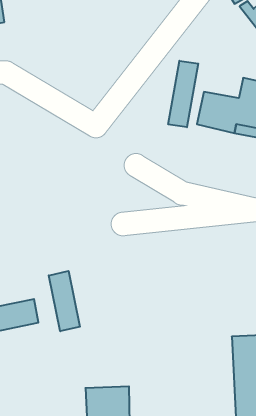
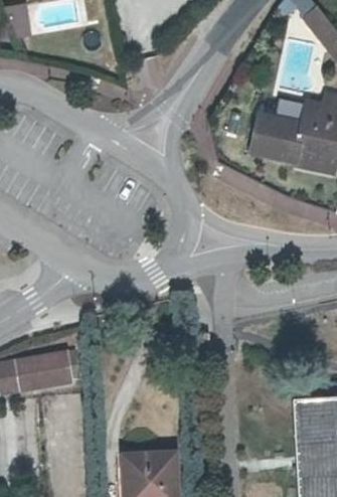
building: [168,61,198,127] -> none
building: [49,271,80,331] -> none

